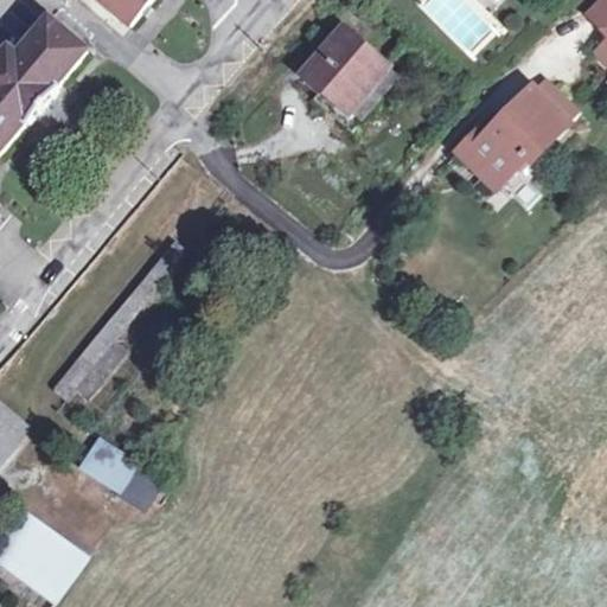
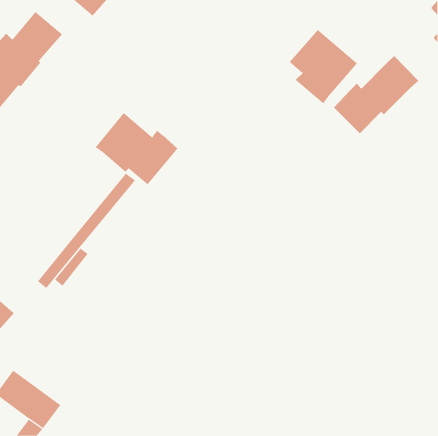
building: [304,26,398,129] -> [289,29,358,104]
building: none -> [95,112,178,185]
building: [82,437,161,505] -> none

